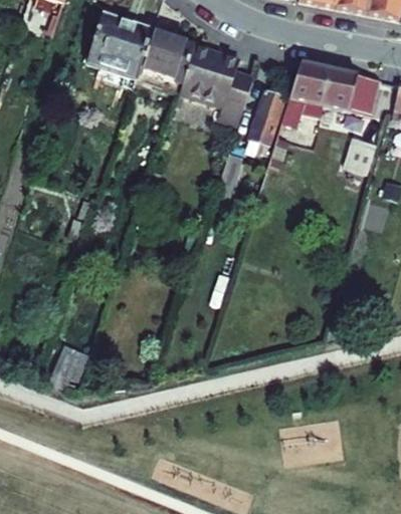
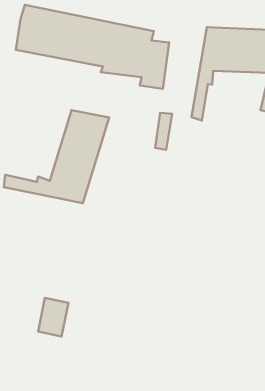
building: [247,87,281,150] -> none
building: none -> [4,110,109,203]

